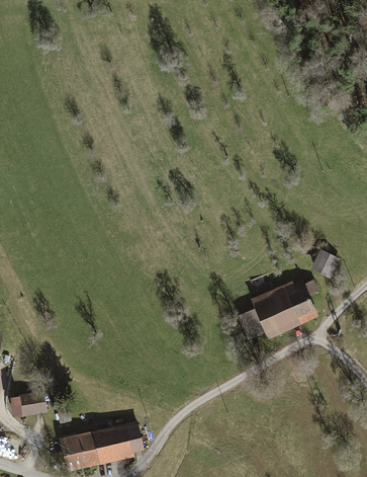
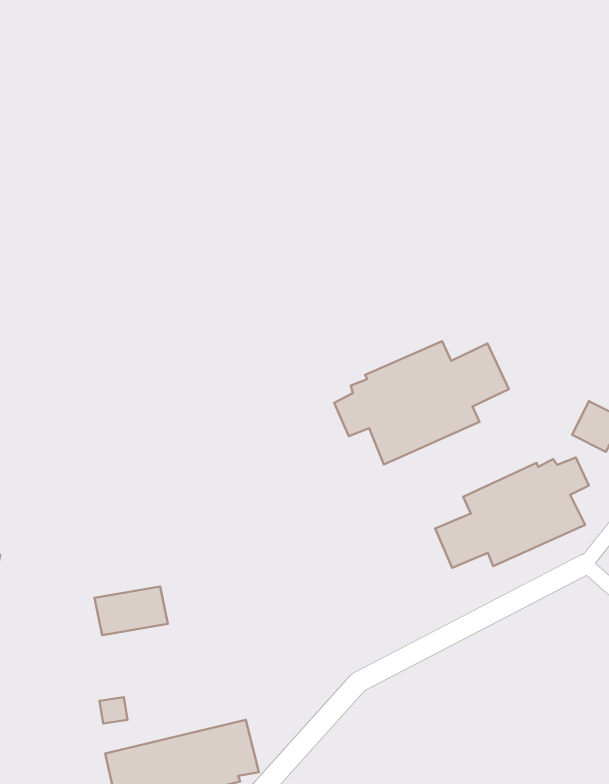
building: none -> [334,341,509,465]
building: [7,391,47,417] -> [95,586,168,635]

